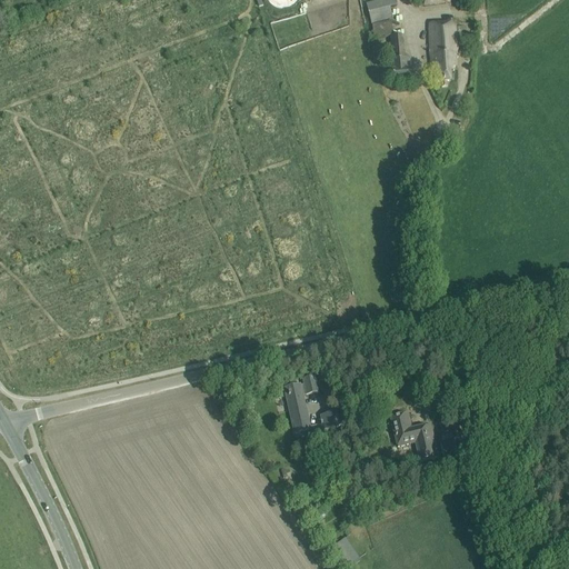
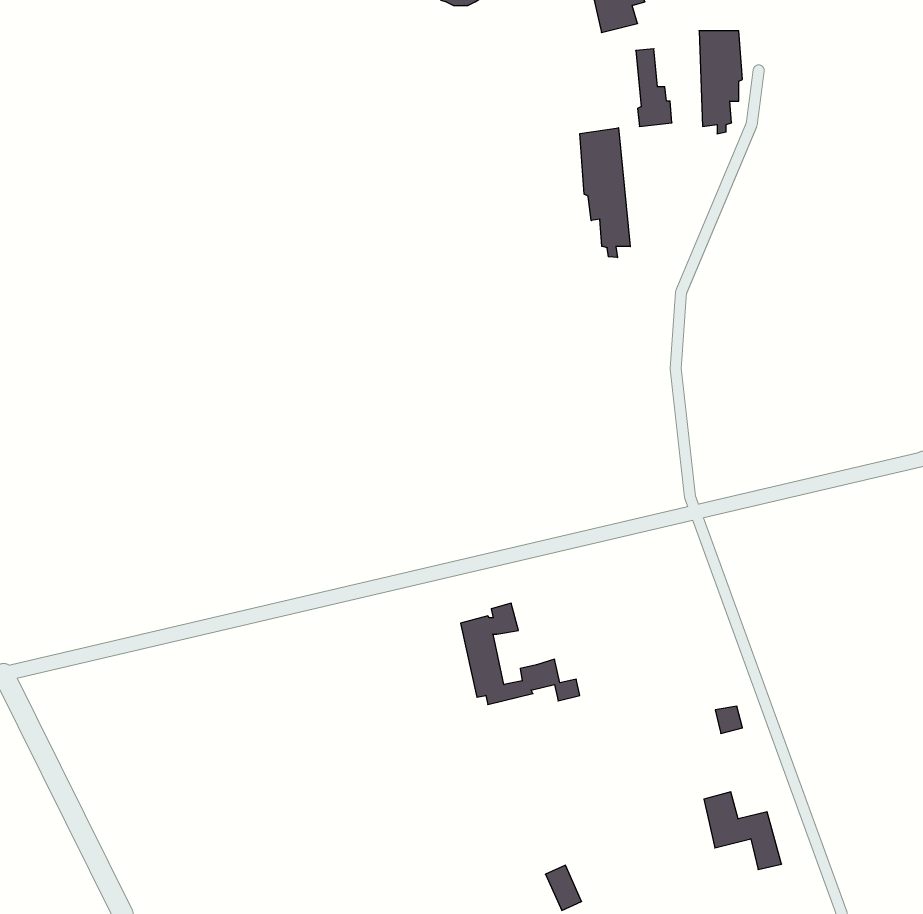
building: none -> [580,128,630,258]
building: [390,408,438,456] -> [704,792,782,870]

